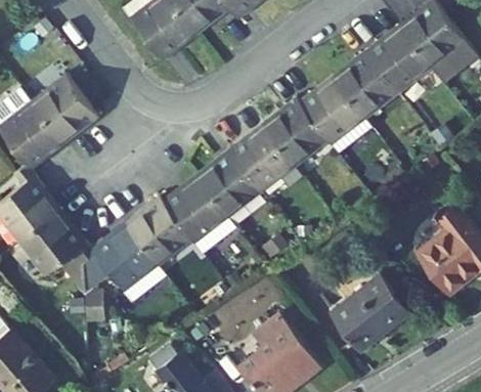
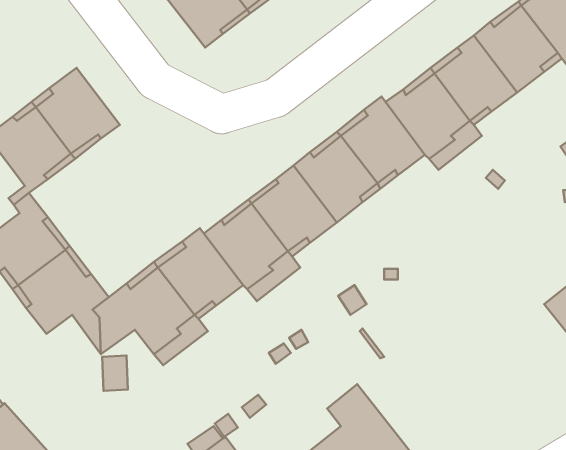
building: [331,276,408,351] -> none

